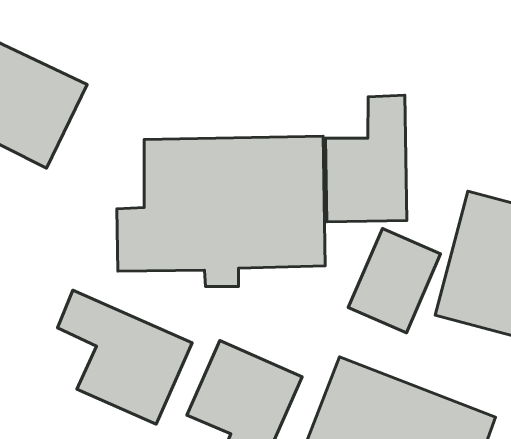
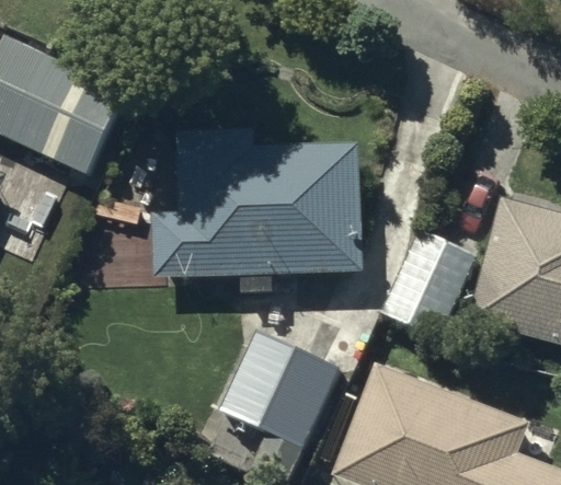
building: [326,95,407,222] -> none
building: [58,290,192,424] -> none

